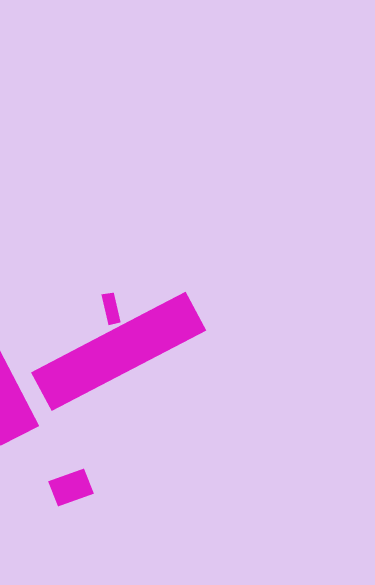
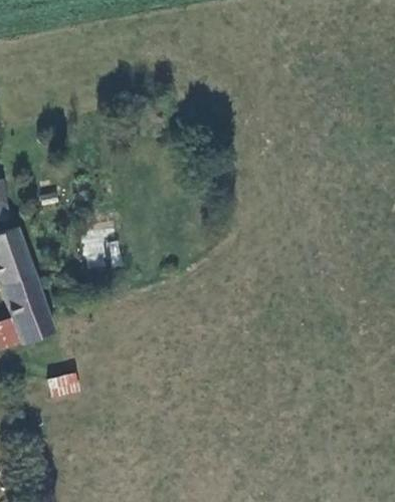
building: [30,291,207,412] -> none

